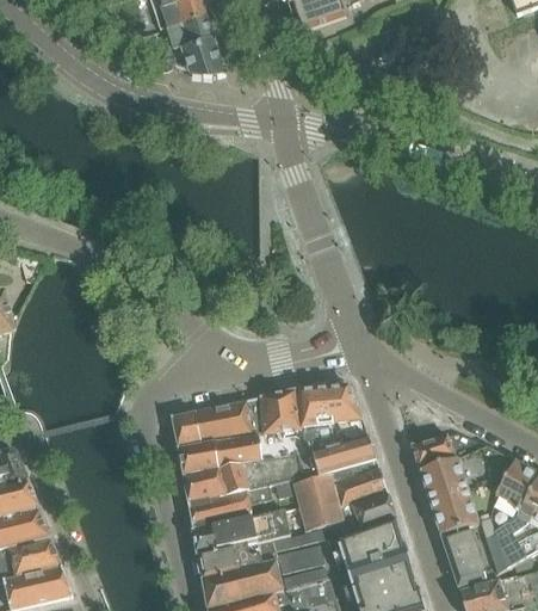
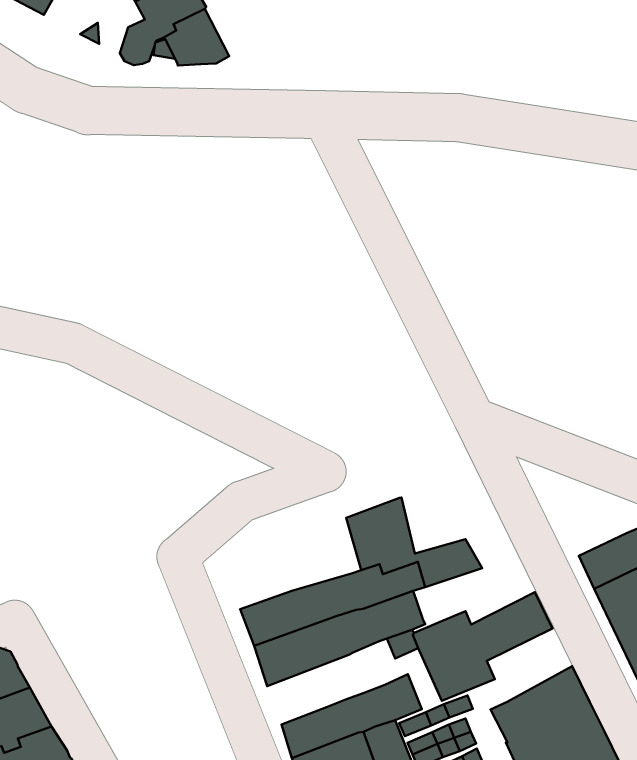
building: [297,387,377,479] -> none
building: [172,399,264,450] -> none
building: [188,486,272,532] -> none
building: [340,494,397,539] -> none

